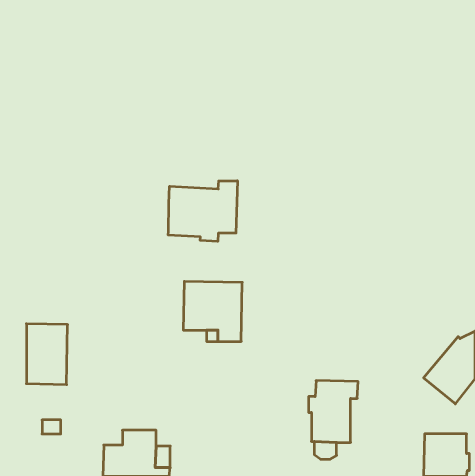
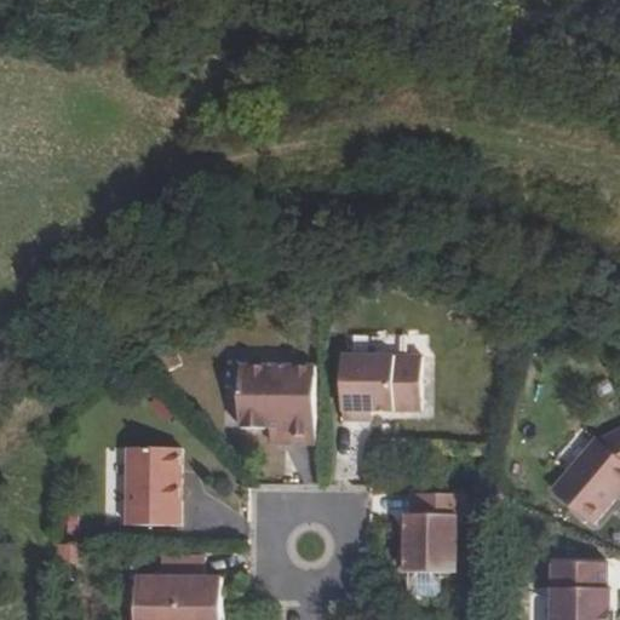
building: [168,181,237,241] -> none
building: none -> [340,355,419,419]
building: [26,324,68,385] -> [125,447,178,526]

